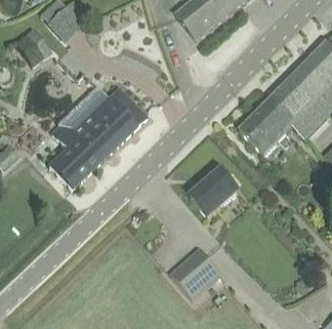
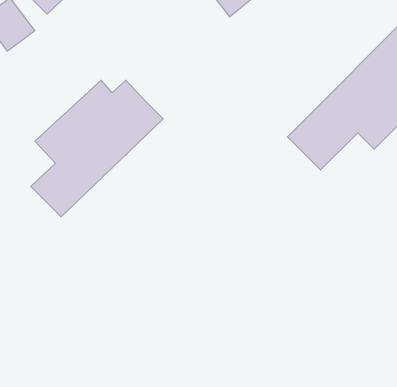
building: [190,170,239,217] -> none
building: [169,248,222,300] -> none

